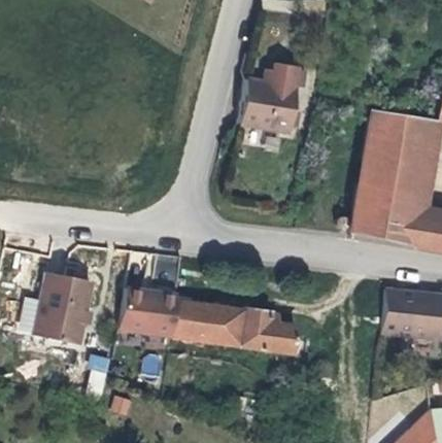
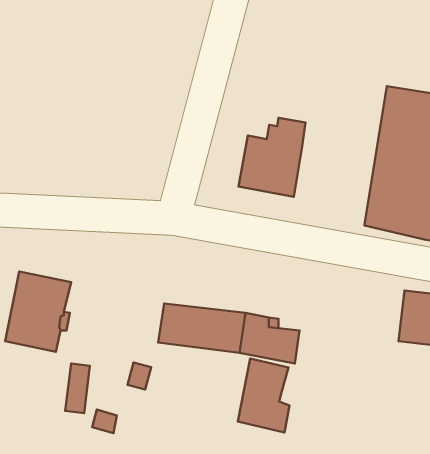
building: [238,63,297,132] -> [238,118,306,197]
building: [120,285,178,337] -> none
building: none -> [238,358,290,432]

